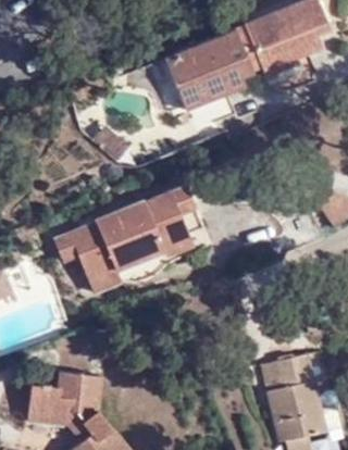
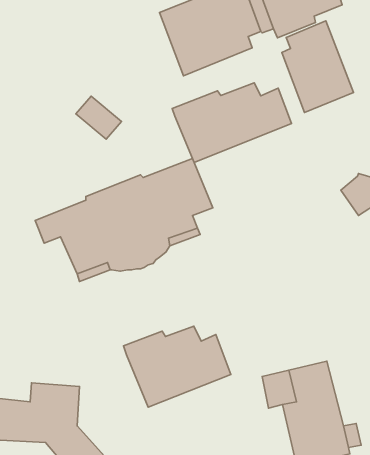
building: none -> [282,21,353,113]
building: none -> [172,83,291,162]
building: none -> [124,326,231,407]

